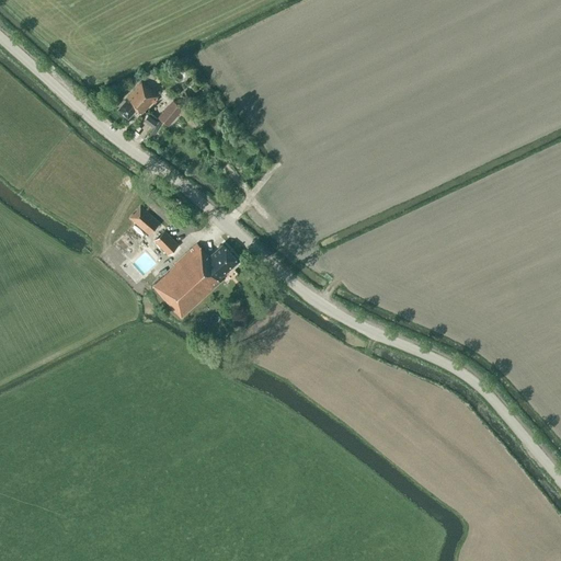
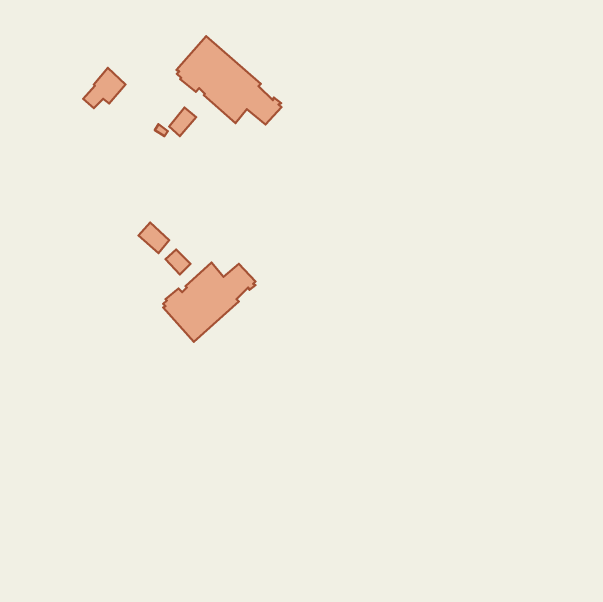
building: none -> [176,36,281,125]
building: [116,83,156,121] -> [83,68,126,108]

